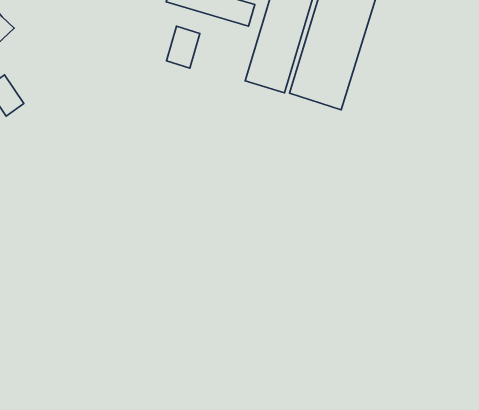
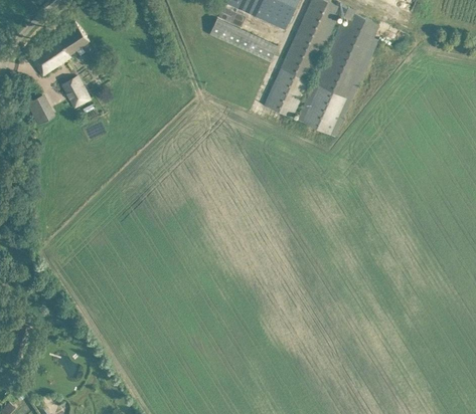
building: [166,26,200,68] -> none

